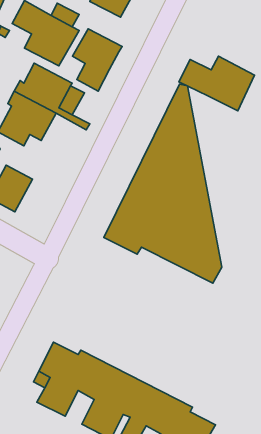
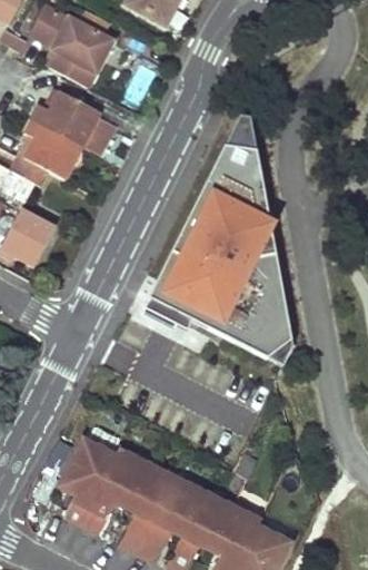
building: [72,29,122,91] -> none
building: [179,56,254,111] -> none

